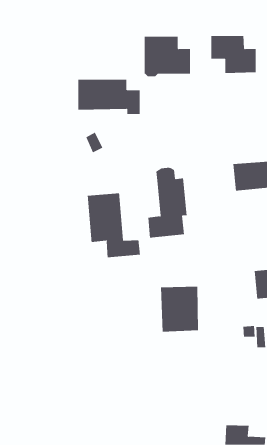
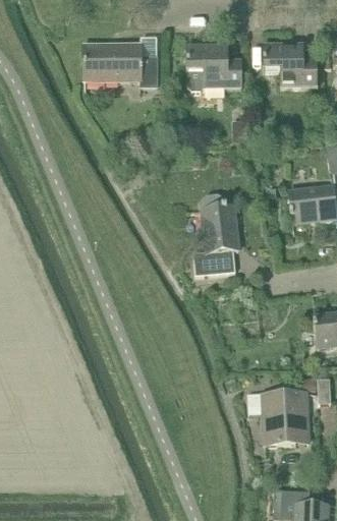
building: [78,79,141,115] -> [85,45,157,85]
building: [87,192,141,258] -> none
building: [160,286,199,332] -> [262,392,306,445]

